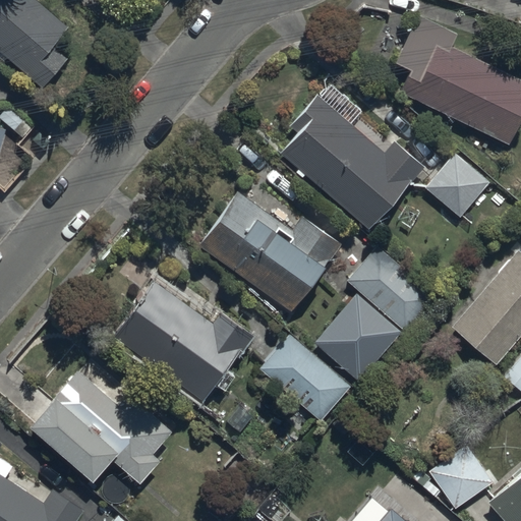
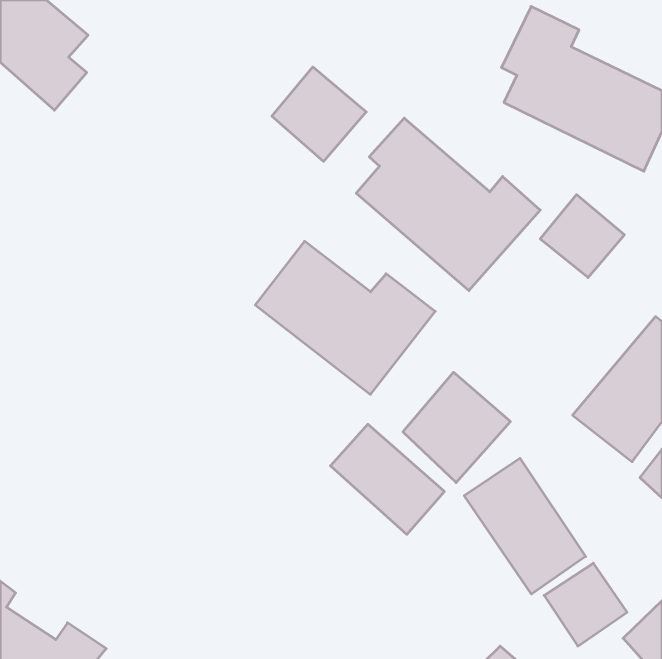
building: none -> [272,67,366,161]
building: [347,249,436,334] -> none
building: [112,281,253,402] -> none
building: none -> [464,458,586,594]
building: [32,372,173,483] -> none

